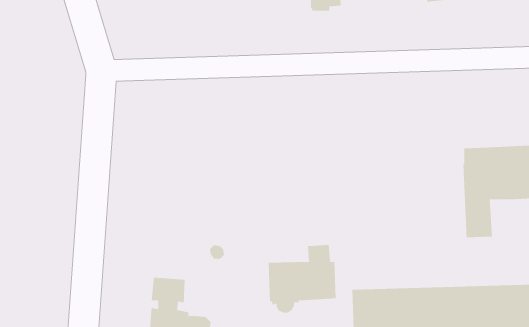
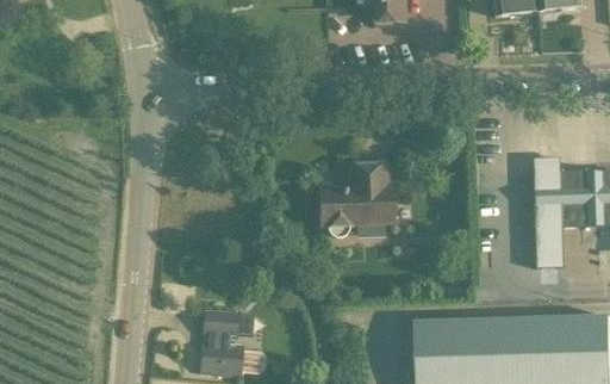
building: [268,245,336,313] -> [320,163,393,236]

